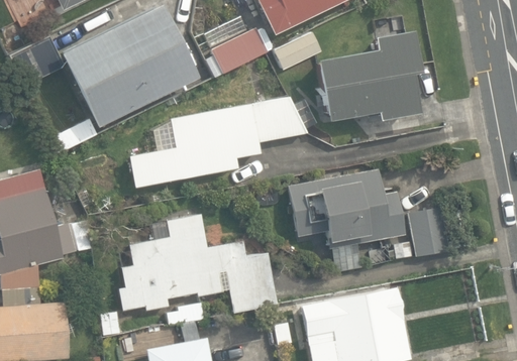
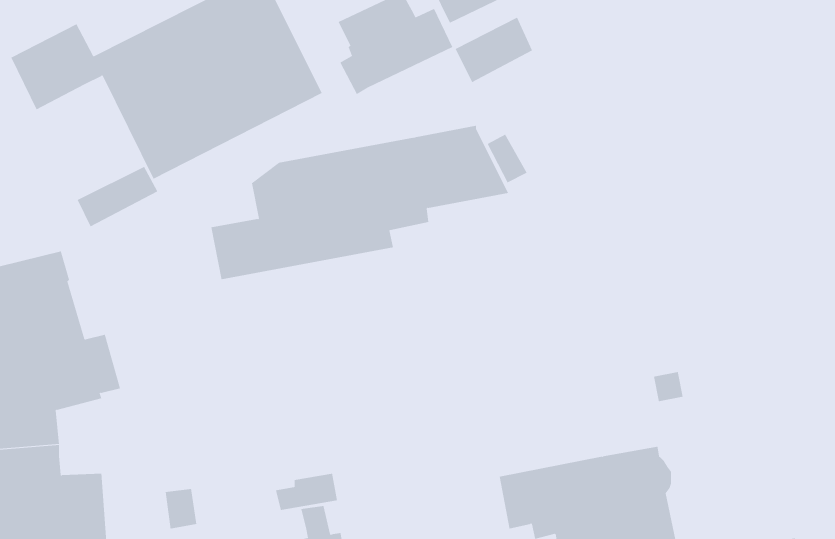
building: [314,30,418,141] -> none
building: [303,168,396,247] -> none
building: [406,207,447,257] -> none
building: [120,214,279,313] -> none

